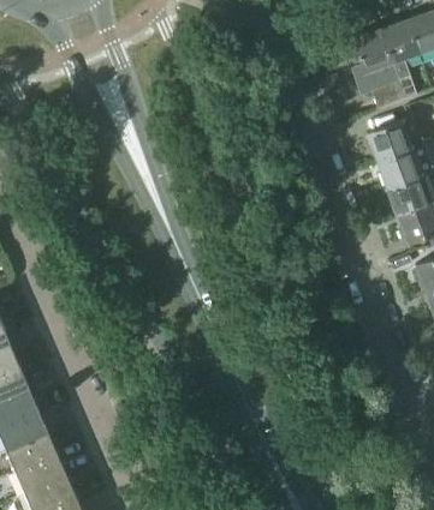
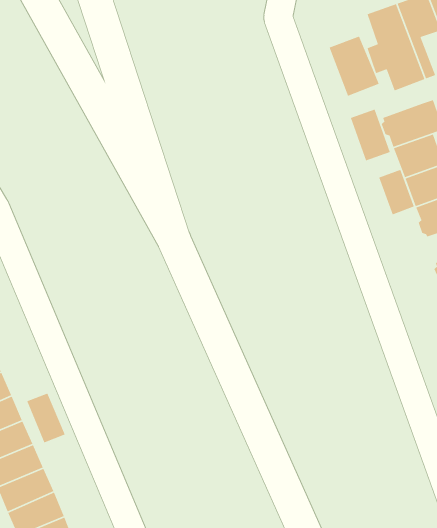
building: none -> [329,35,380,97]
building: none -> [350,108,391,162]
building: none -> [378,169,415,215]
building: none -> [26,392,66,443]

